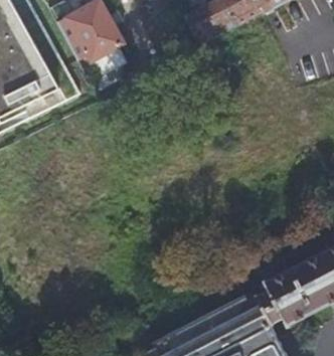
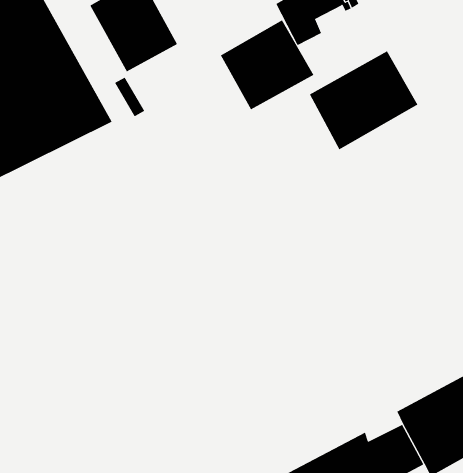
building: none -> [220,20,314,110]
building: none -> [309,50,418,150]

